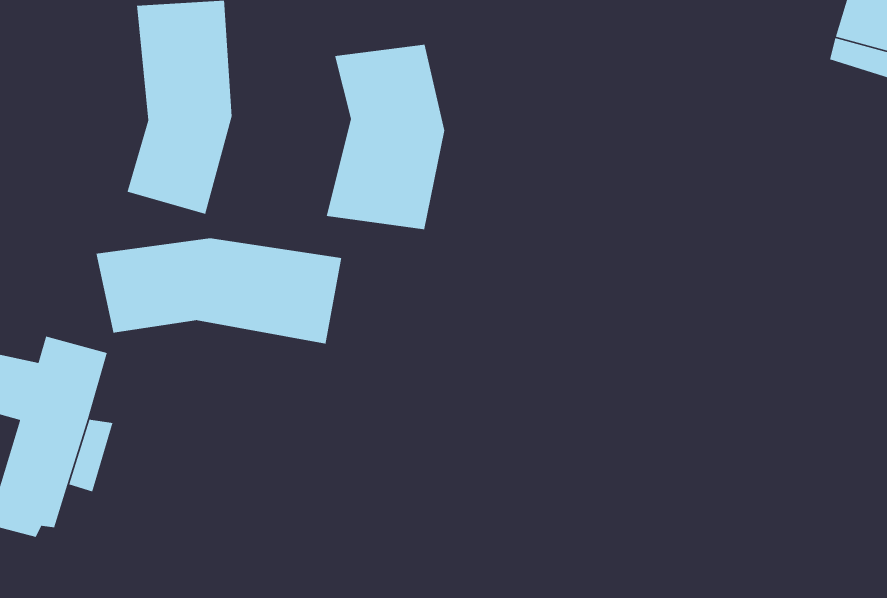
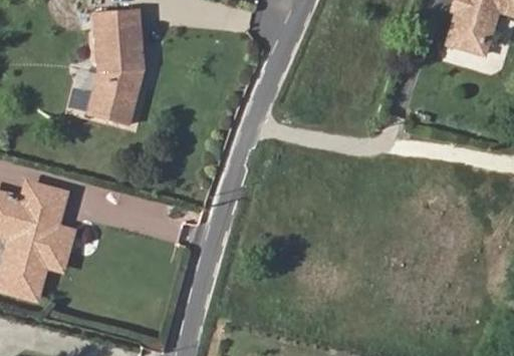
building: [326,44,445,230] -> none
building: [96,238,342,344] -> none

